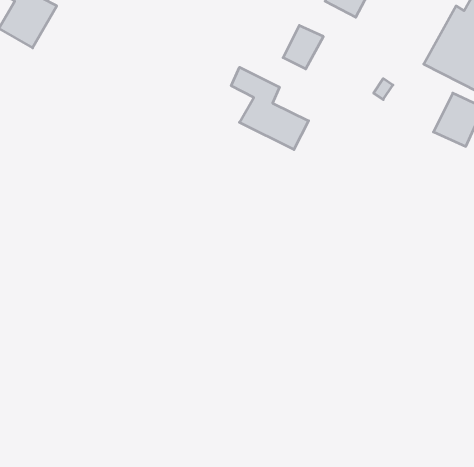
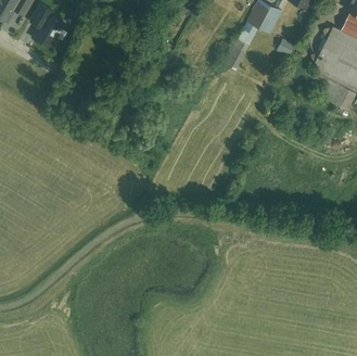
building: [231,67,309,150] -> none

